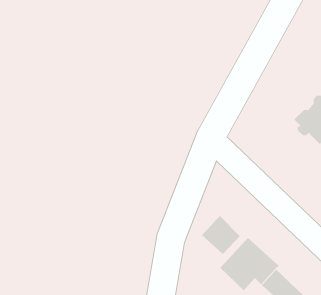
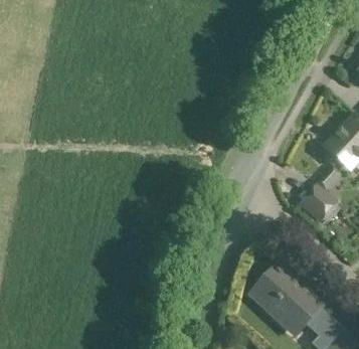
building: none -> [300,185,336,219]
building: [201,215,240,255] -> none

